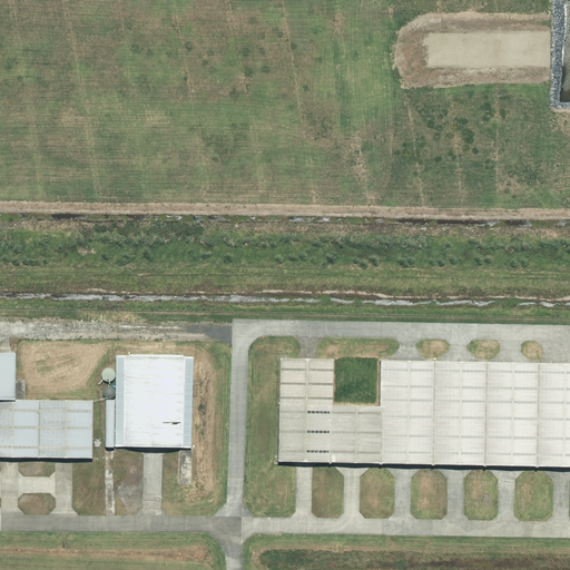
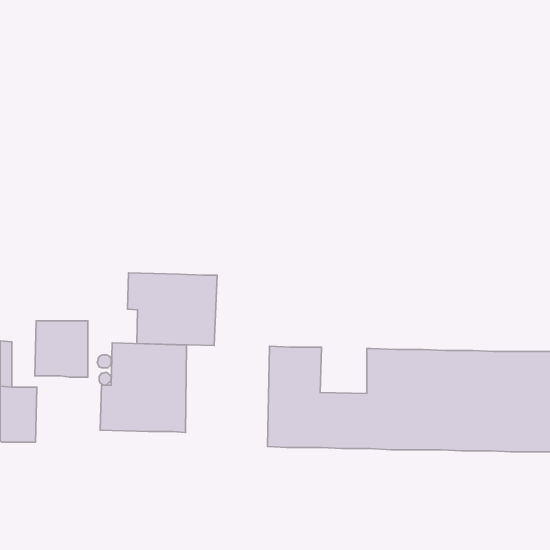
building: none -> [128,273,217,345]
building: [38,400,92,458] -> [35,321,88,377]

